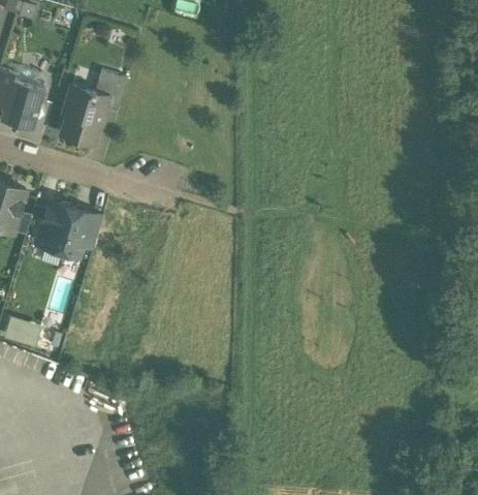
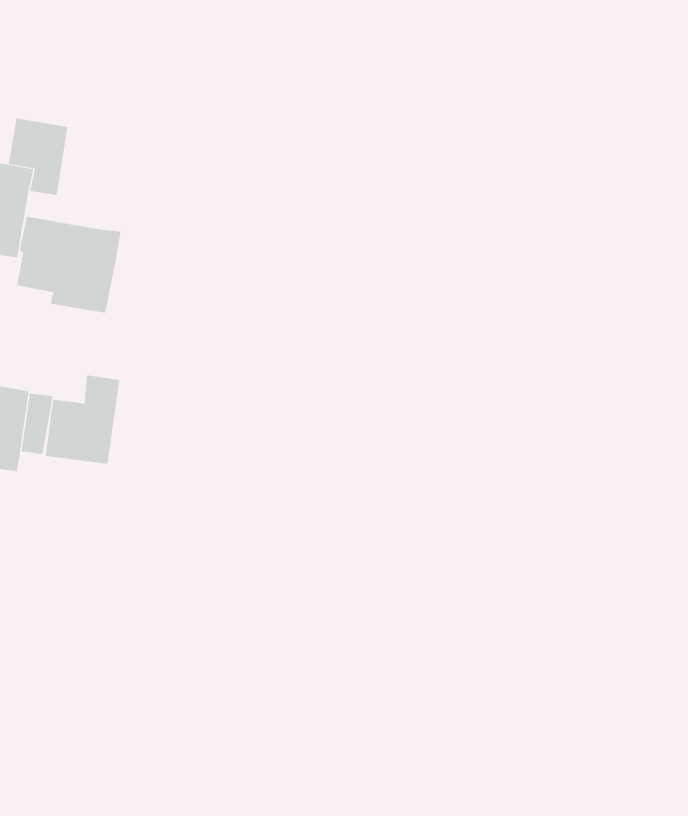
building: none -> [16,216,121,314]
building: none -> [45,375,120,465]

